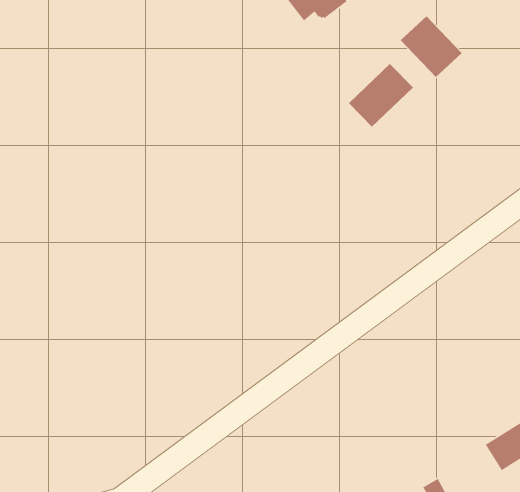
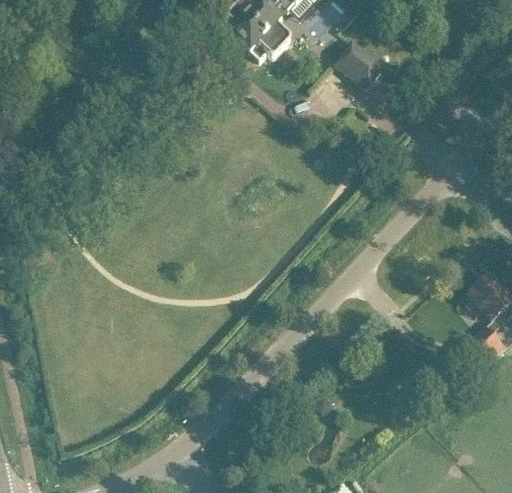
building: [348,63,414,127] -> none

